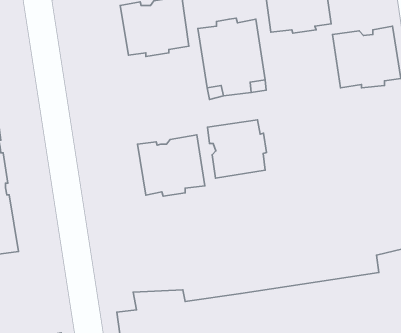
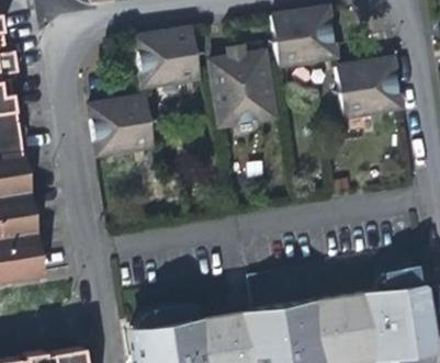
building: [208,120,266,178] -> none
building: [138,135,205,196] -> [90,95,154,154]

